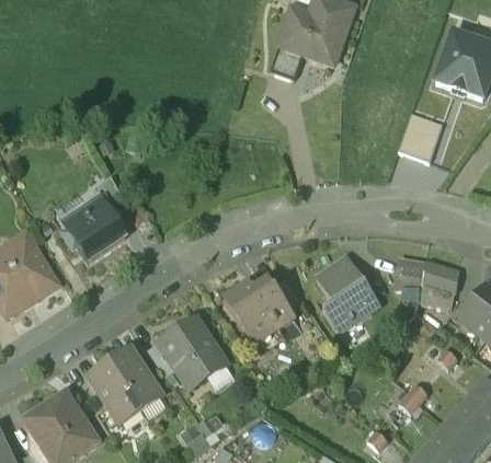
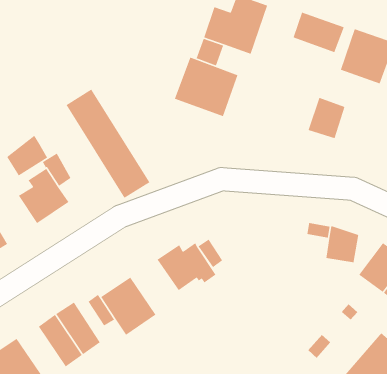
building: none -> [292,12,345,53]
building: none -> [174,57,239,117]
building: none -> [65,89,150,199]
building: none -> [6,135,48,177]
building: [318,255,378,323] -> none
building: [391,270,422,308] -> none

